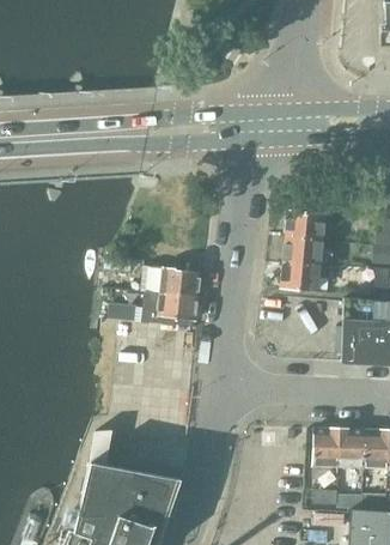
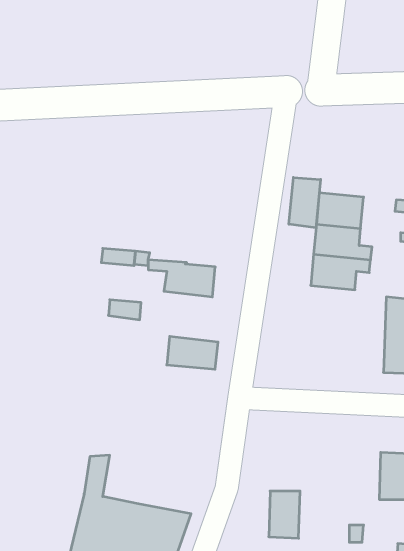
building: none -> [289,177,321,228]
building: [156,293,199,321] -> [167,336,218,369]
building: [313,429,340,468] -> [269,491,300,538]

